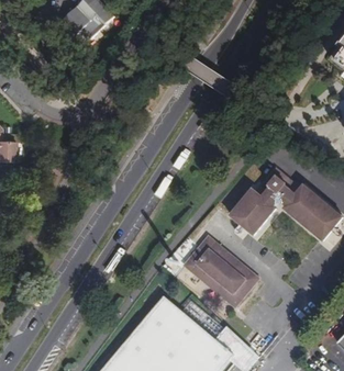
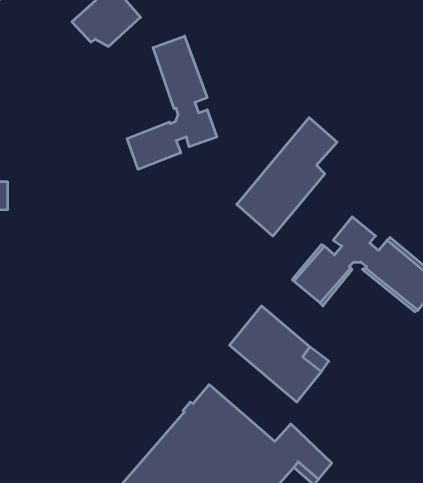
building: none -> [127,36,217,169]
building: none -> [237,118,337,236]

